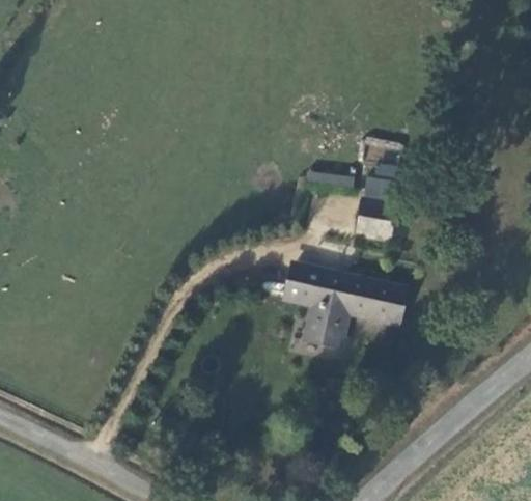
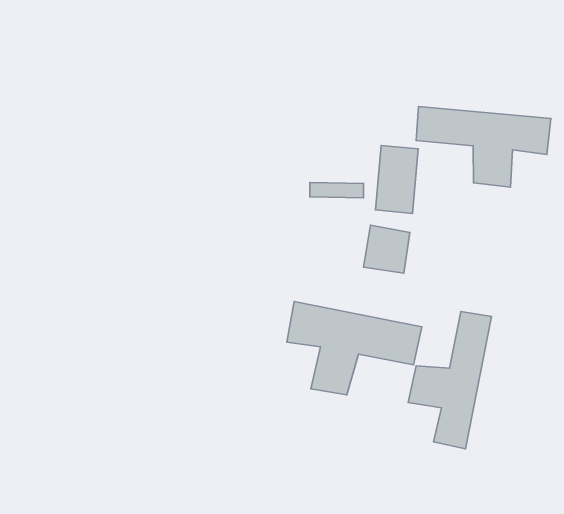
building: none -> [416,106,551,187]
building: none -> [408,311,491,449]

